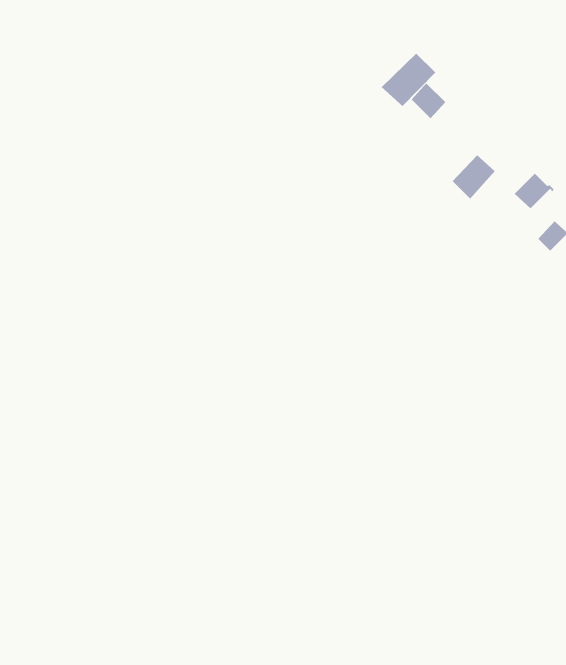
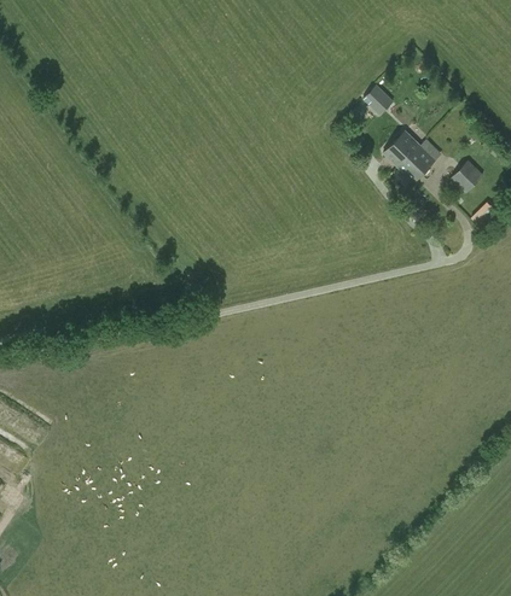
building: [381,53,436,107] -> none
building: none -> [384,129,420,166]

